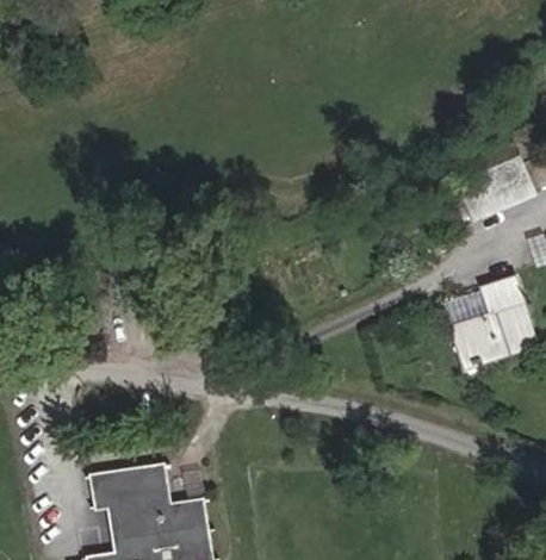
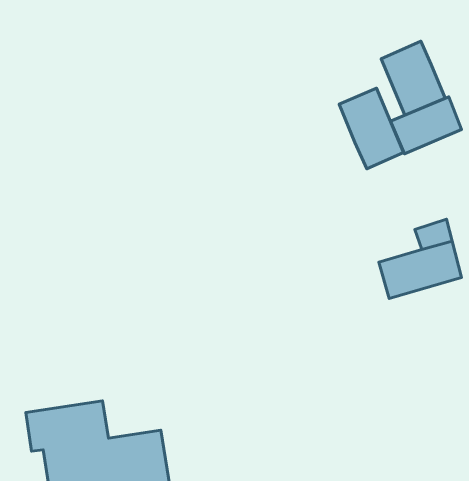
building: none -> [381,41,445,115]
building: none -> [339,88,404,169]

